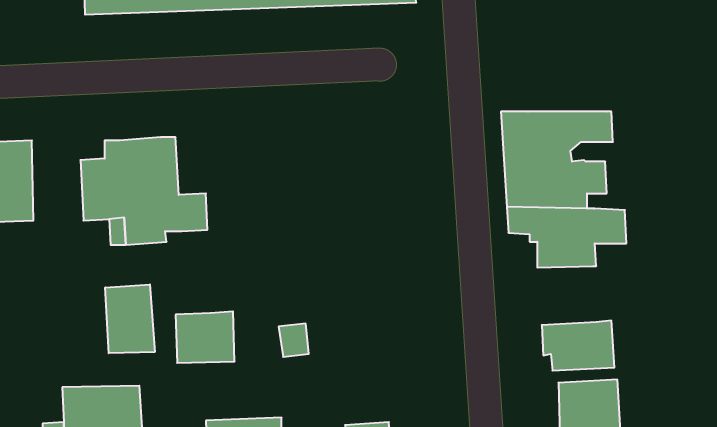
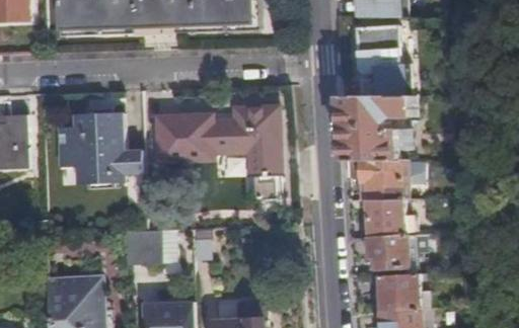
building: none -> [356,26,411,95]
building: none -> [154,106,278,198]
building: none -> [364,198,414,238]
building: [105,284,155,353] -> none

